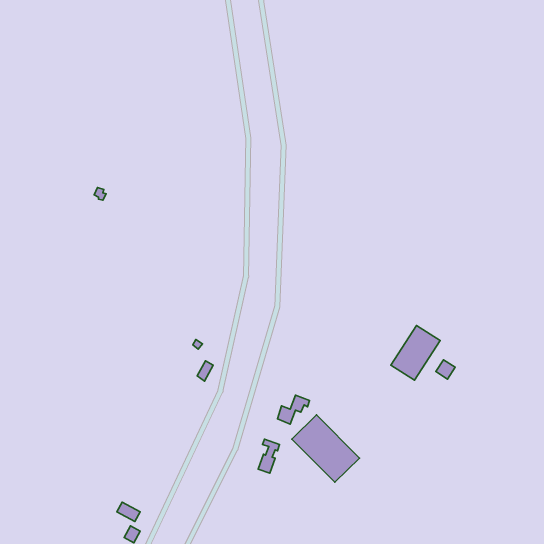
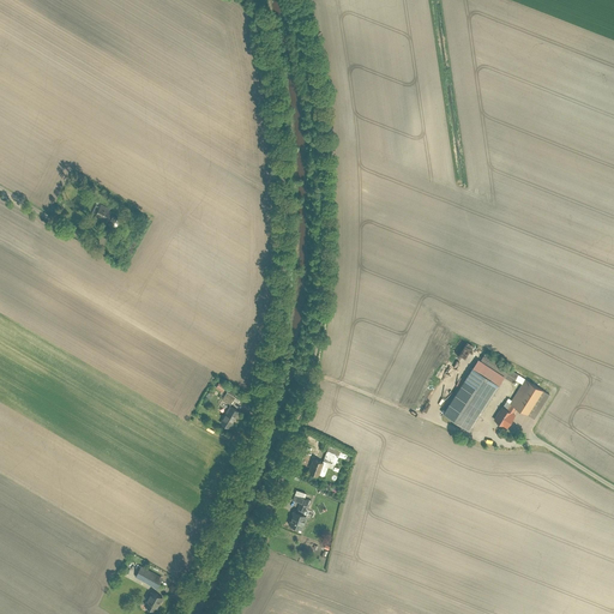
building: none -> [508,380,541,415]
building: [292,415,360,482] -> none

